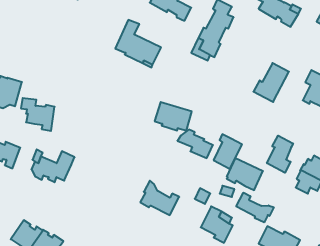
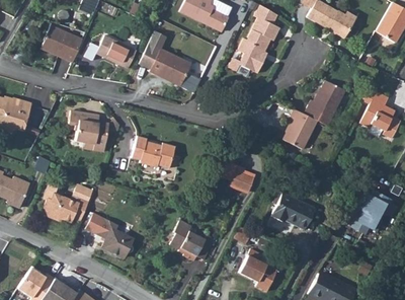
building: none -> [43,26,83,64]
building: none -> [96,36,137,70]
building: [21,98,55,131] -> [69,114,108,152]
building: [155,102,192,131] -> [130,135,173,168]
building: [214,134,242,169] -> [281,109,315,150]
building: [267,136,293,173] -> none
building: none -> [93,217,133,257]
building: [236,193,274,222] -> none

